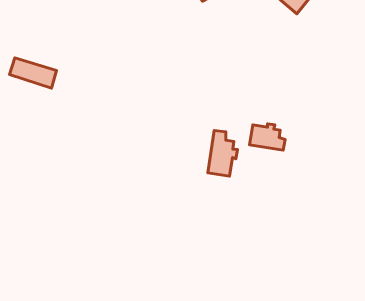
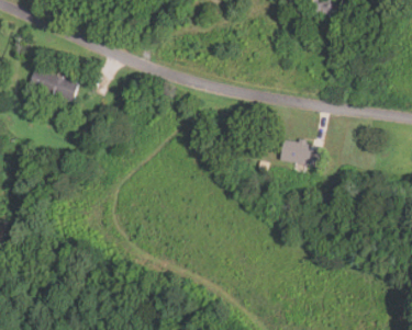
building: [208,130,237,176] -> none

